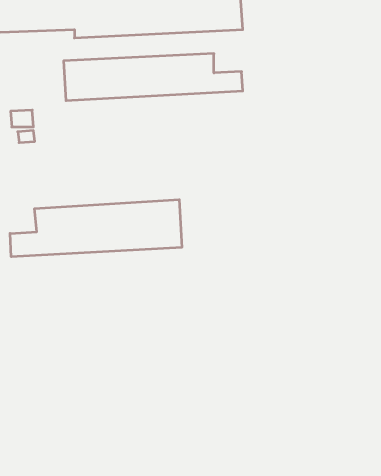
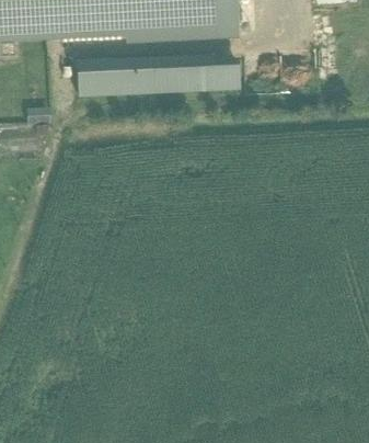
building: [10,200,182,257] -> none

